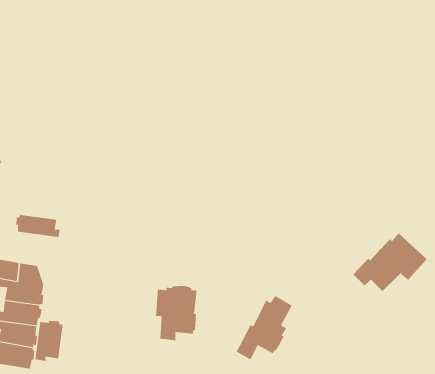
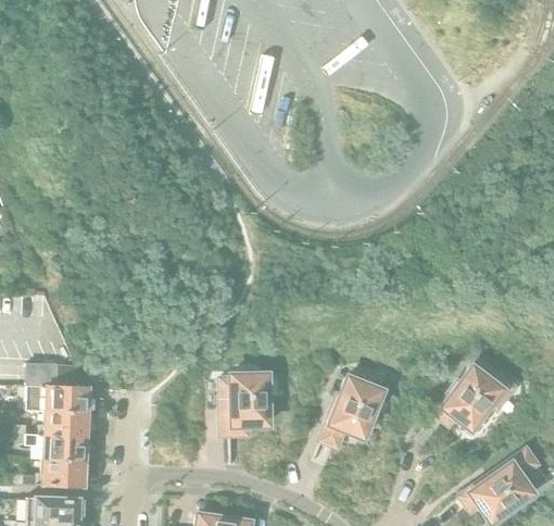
building: [16,214,60,238] -> none
building: [353,233,427,292] -> [433,361,518,431]
building: [35,320,63,362] -> none

